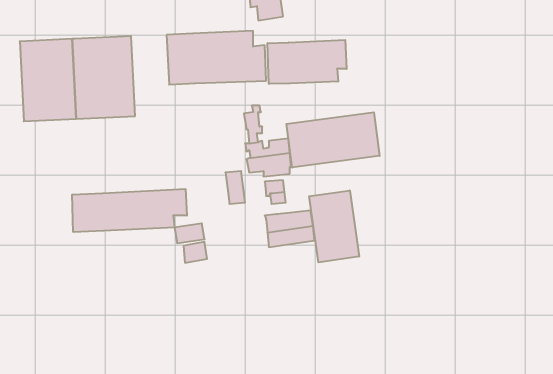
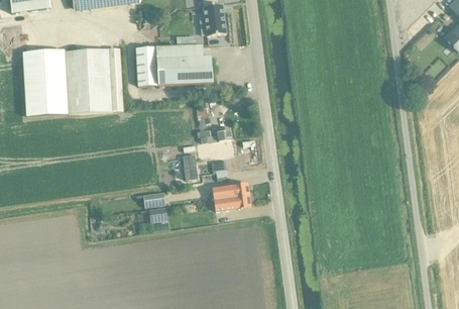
building: [268,40,347,84] -> none
building: [286,112,380,168] -> none
building: [72,189,187,232] -> none
building: [309,190,359,262] -> none

